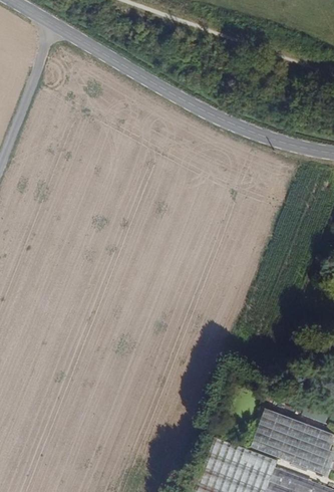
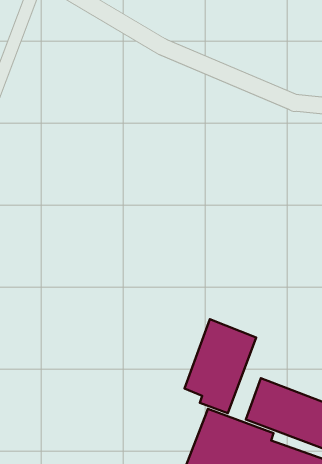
building: none -> [184,319,256,413]

